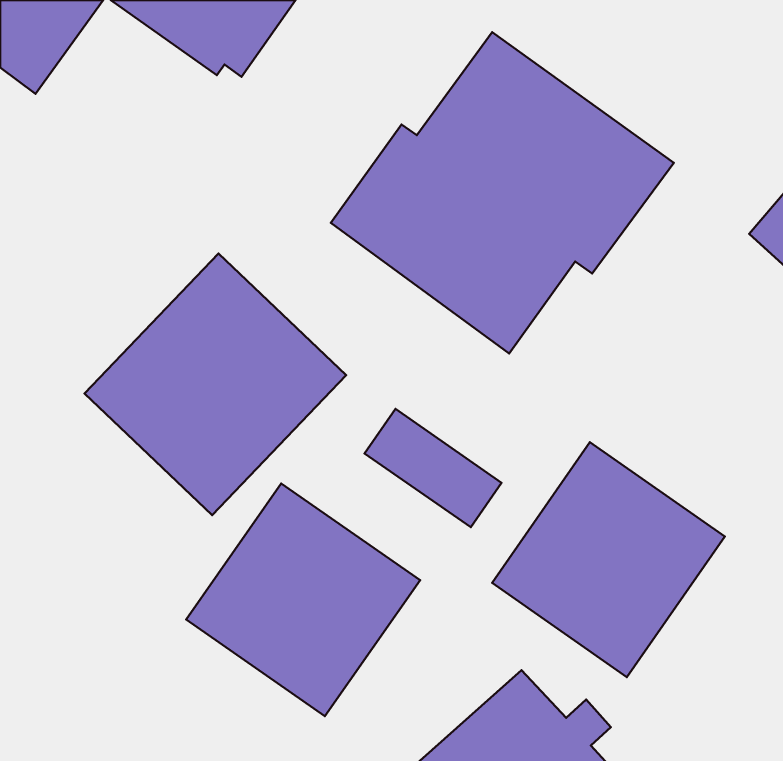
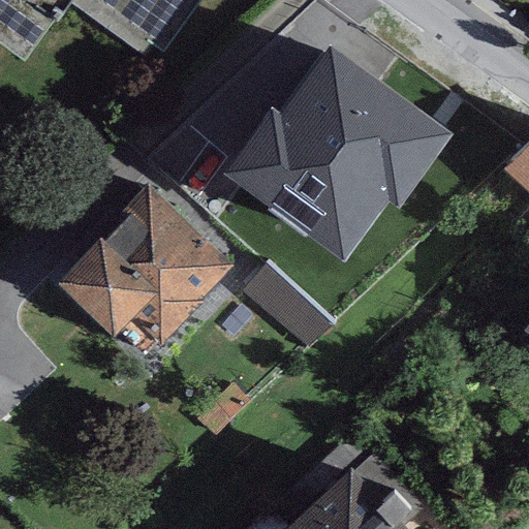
building: [492,442,725,677] -> none
building: [186,484,420,716] -> none

